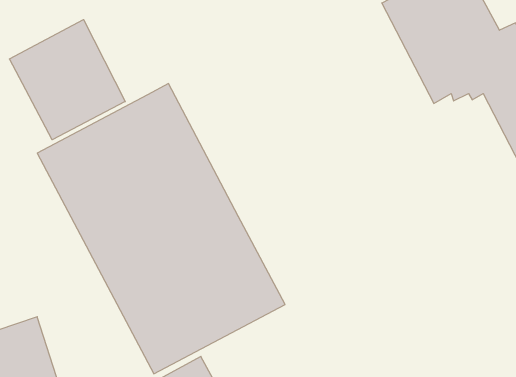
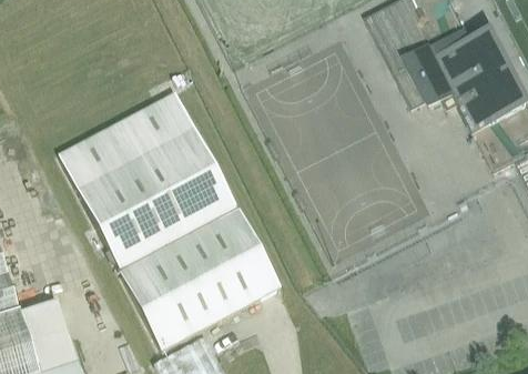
building: [9,20,125,140] -> none

